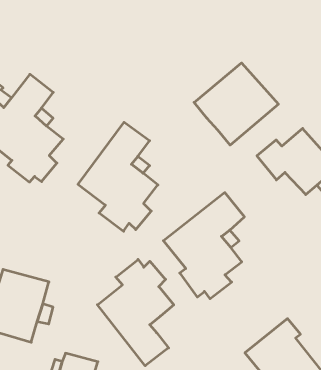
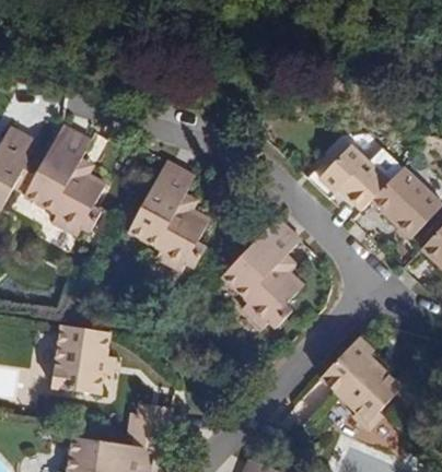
building: [194,63,278,145] -> none
building: [97,259,174,366] -> none

